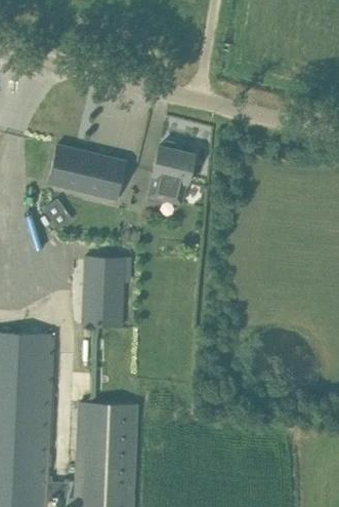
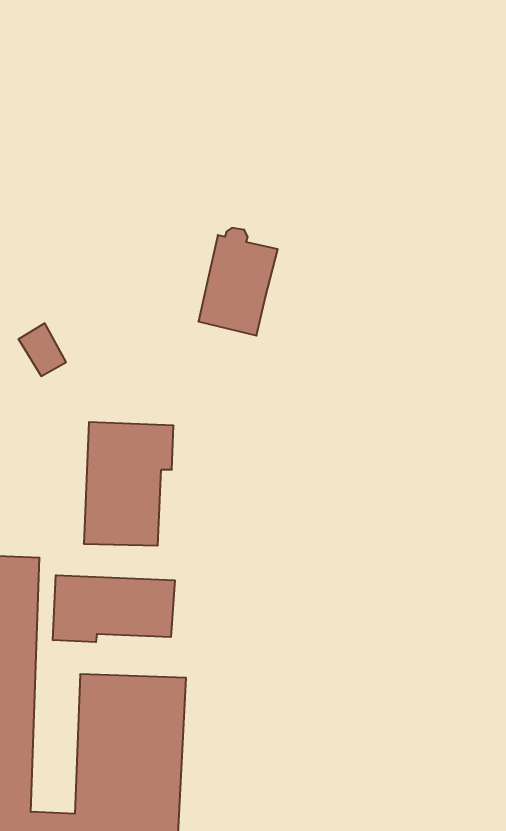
building: [47,146,124,200] -> none
building: none -> [53,575,175,642]

